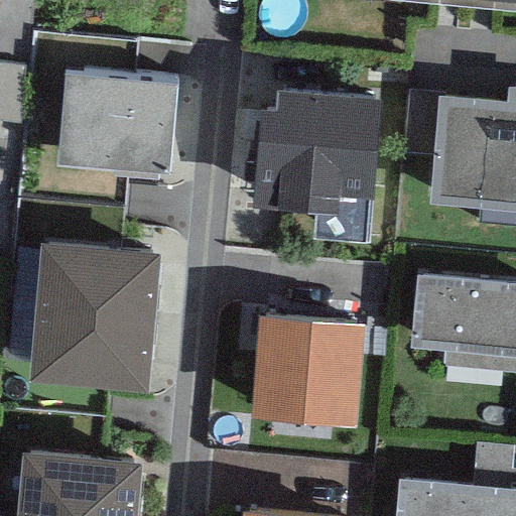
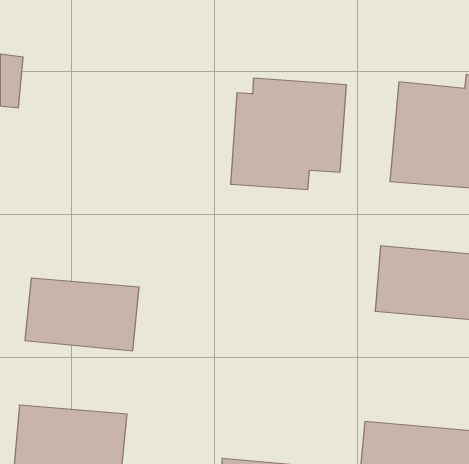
building: [58,76,177,175] -> none
building: [36,242,160,321] -> none
building: [253,317,364,427] -> none

